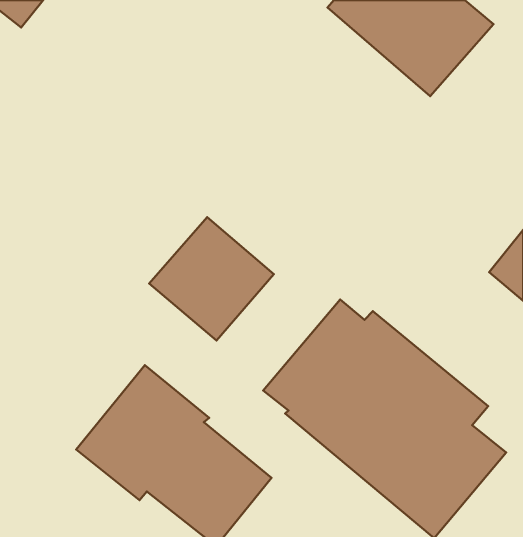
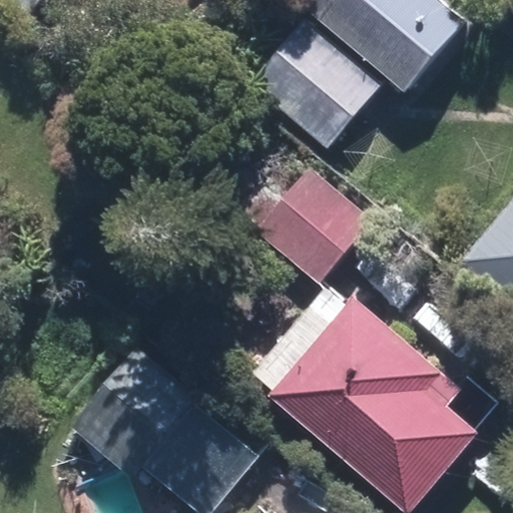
building: none -> [248,19,381,150]
building: [149,217,274,341] -> [250,167,369,285]

